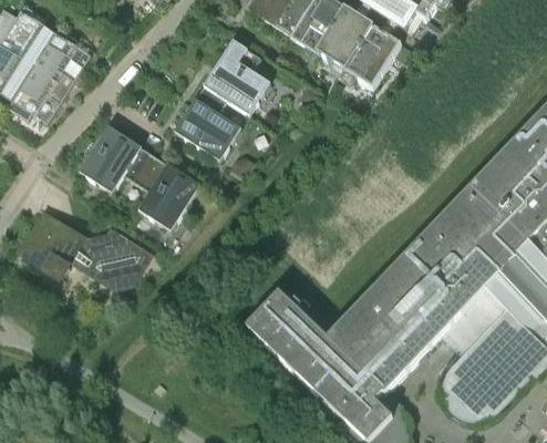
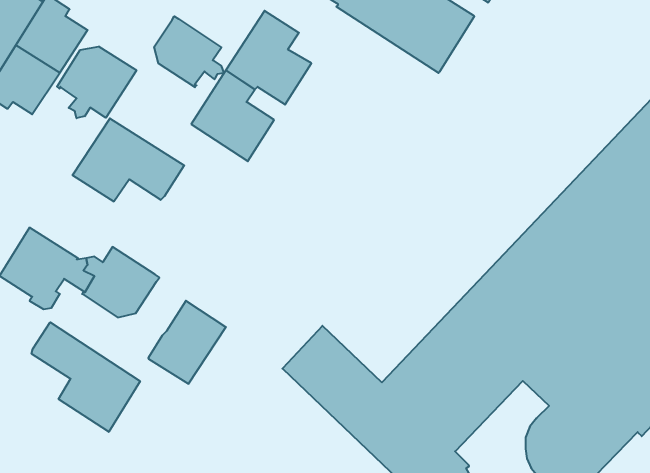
building: none -> [154,16,224,87]
building: none -> [57,46,136,118]
building: [138,162,200,228] -> [148,301,226,384]
building: none -> [32,322,140,432]

